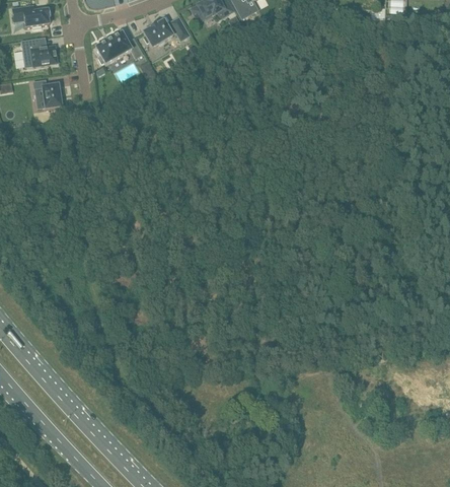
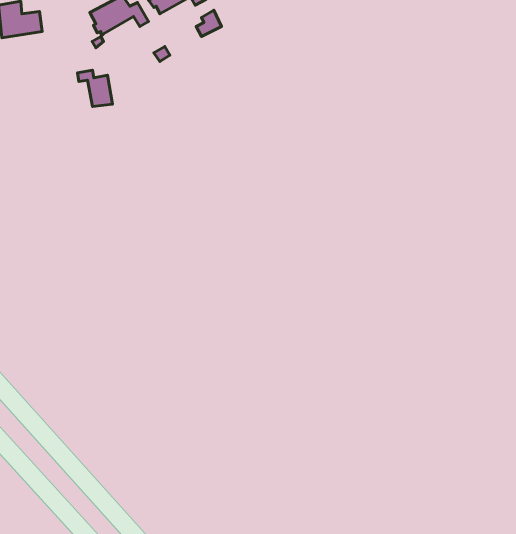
building: [32,79,61,109] -> [78,70,113,107]

